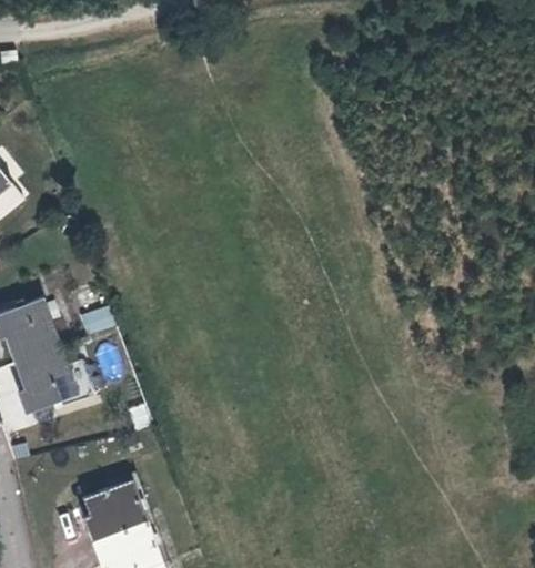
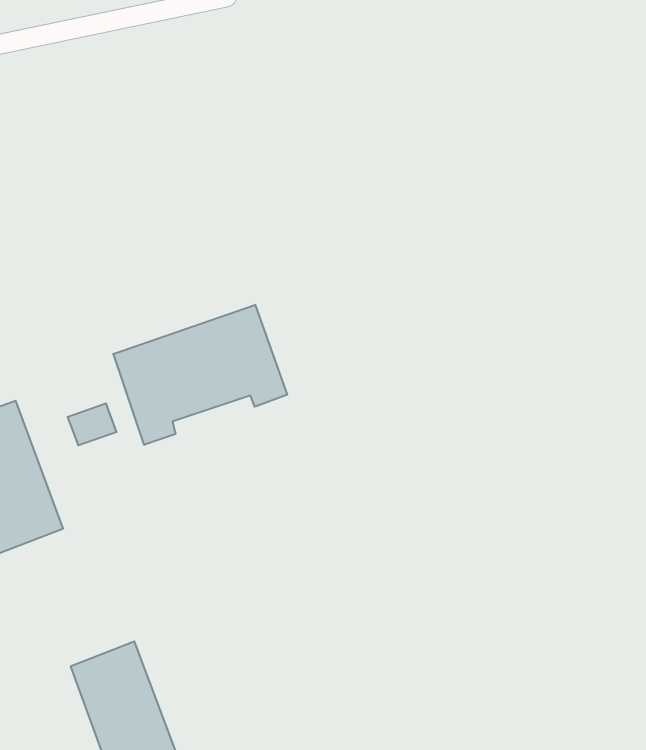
building: none -> [113,305,287,445]

